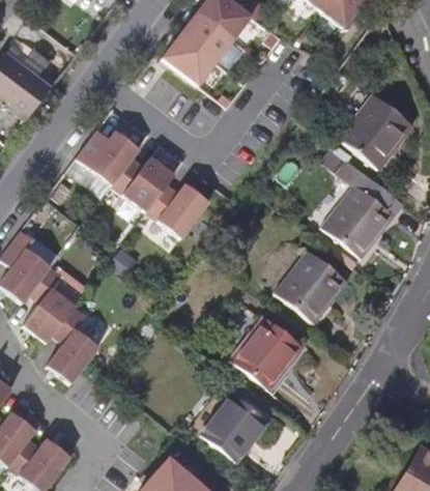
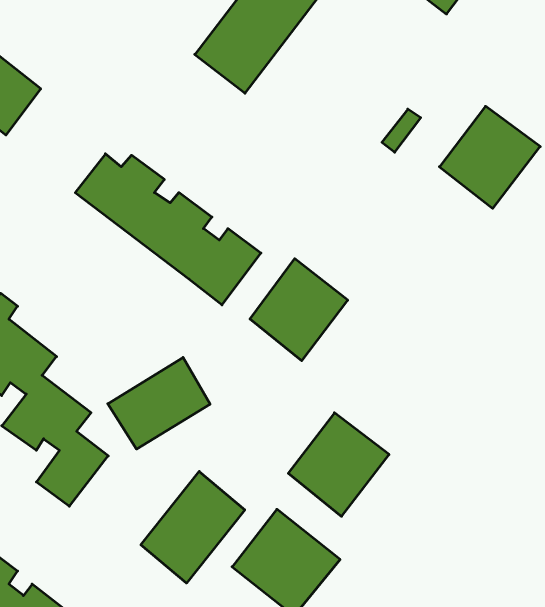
building: [322,158,403,256] -> none
building: [275,250,345,323] -> [250,259,348,361]
building: none -> [108,357,210,449]
building: none -> [141,471,245,583]

